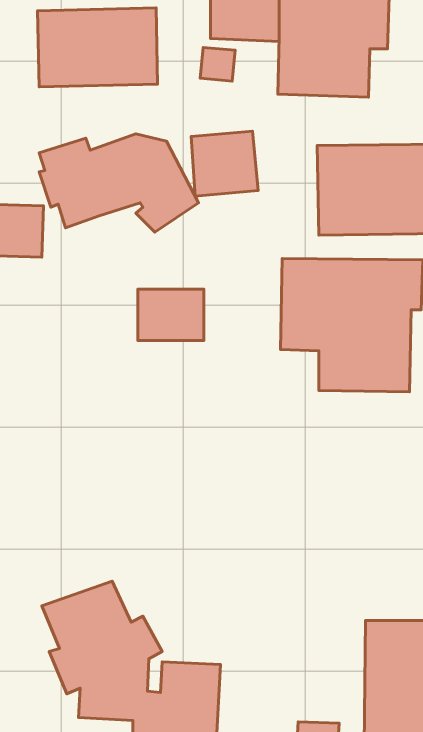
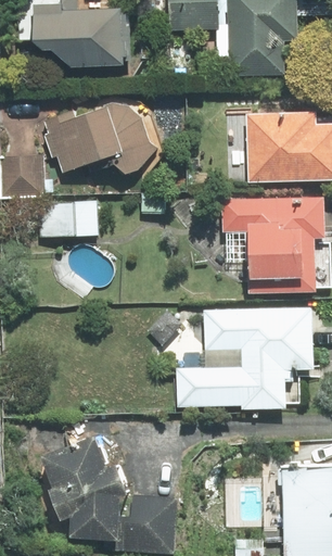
building: [191,131,258,196] -> none
building: [138,289,204,341] -> [48,200,97,238]
building: none -> [175,309,315,408]

